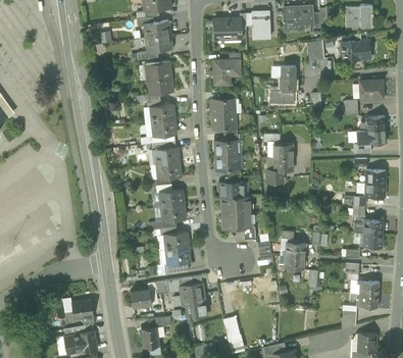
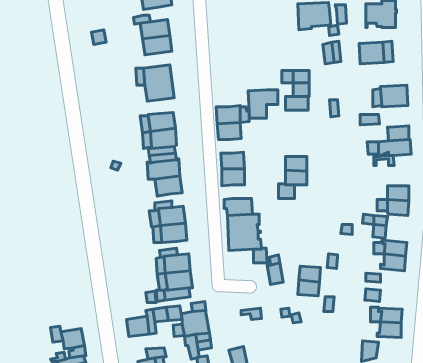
building: [252,10,270,36] -> none
building: [215,17,241,40] -> none
building: [213,59,240,85] -> [248,90,278,118]

